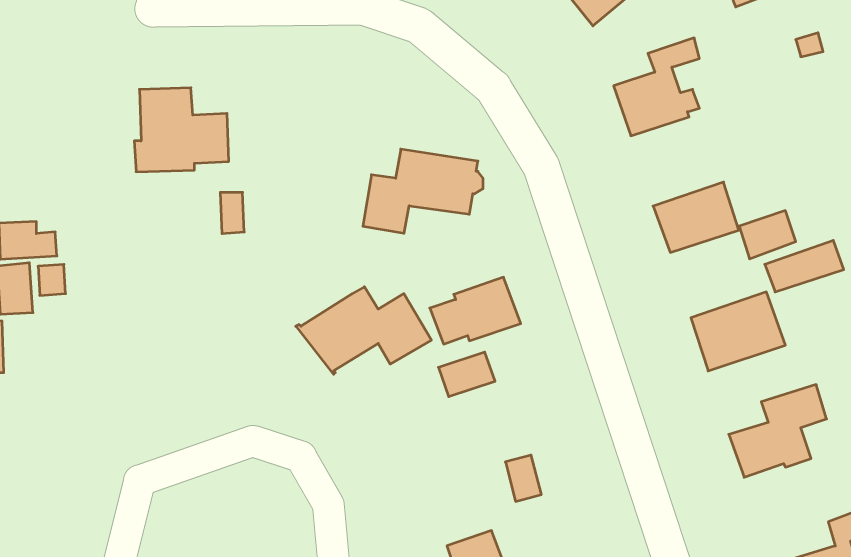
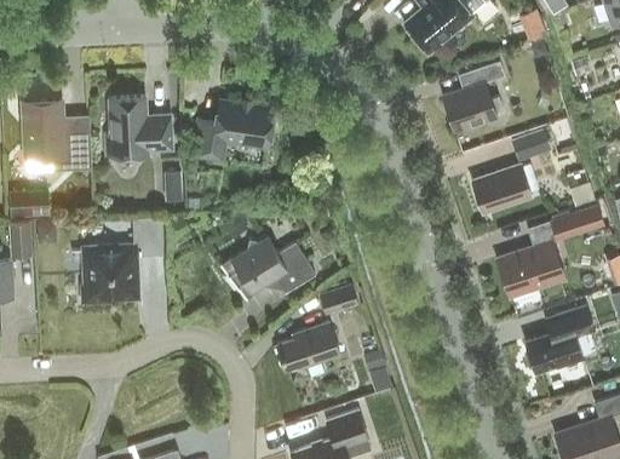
building: none -> [22,101,92,171]
building: [363,149,483,233] -> [193,101,277,160]
building: [739,211,796,259] -> [512,128,552,162]
building: none -> [82,218,162,303]
building: [430,277,521,344] -> [276,322,340,369]

